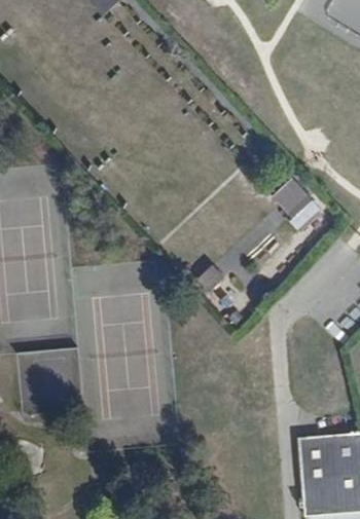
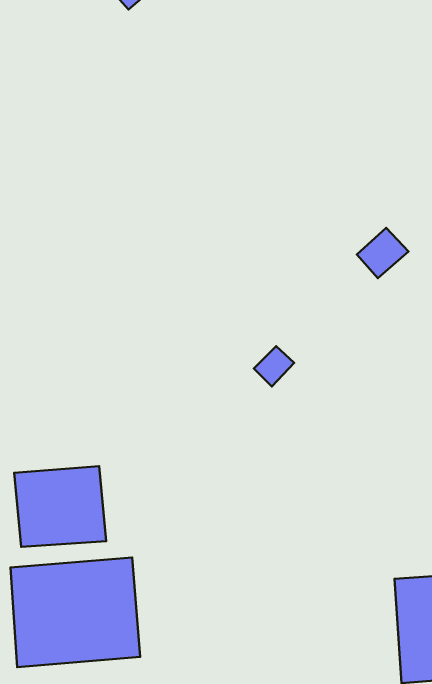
building: none -> [11,557,140,667]

